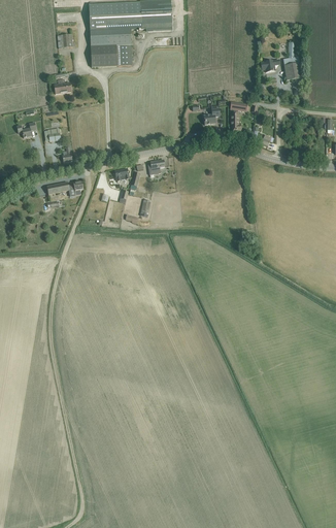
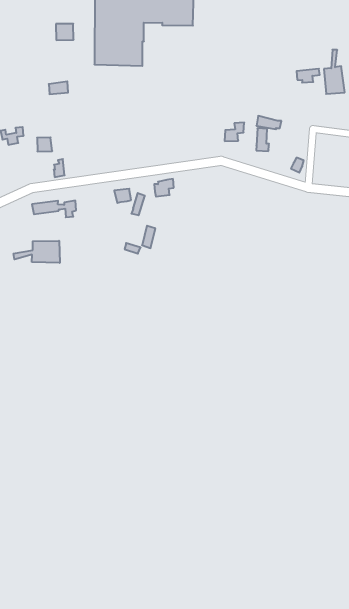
building: none -> [14,241,60,263]

